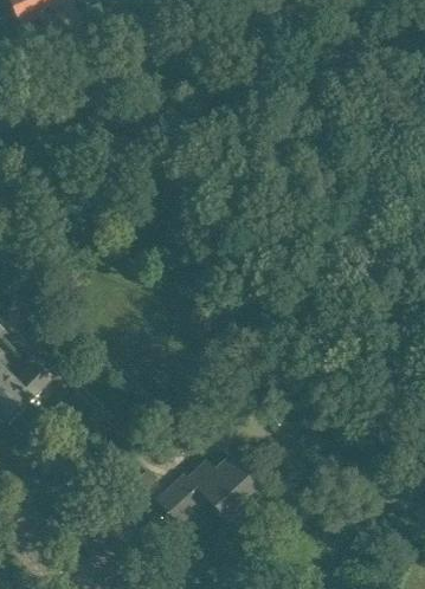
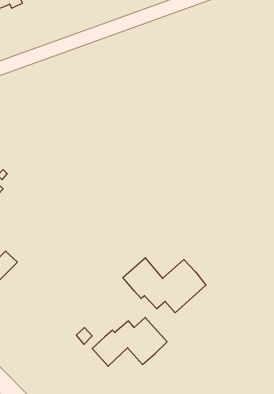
building: none -> [123,258,206,313]

